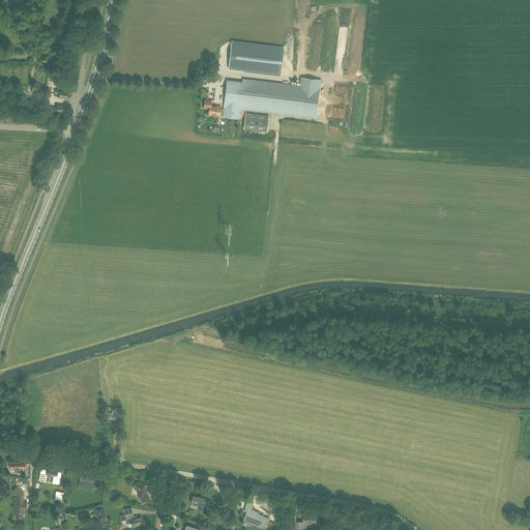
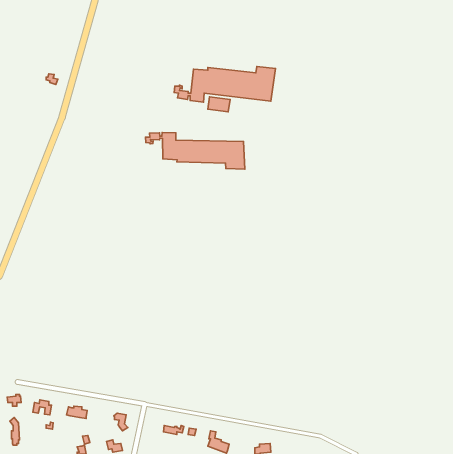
building: [229,40,283,76] -> none
building: none -> [145,133,245,169]

